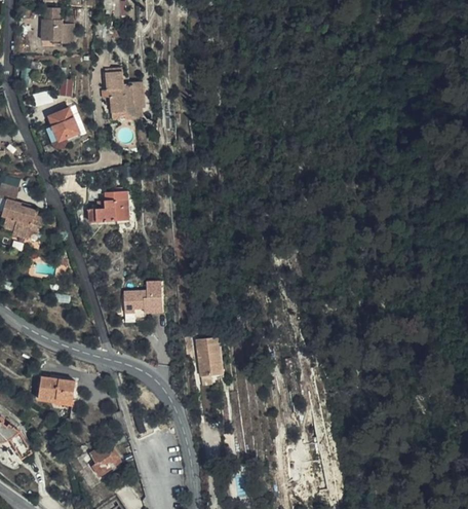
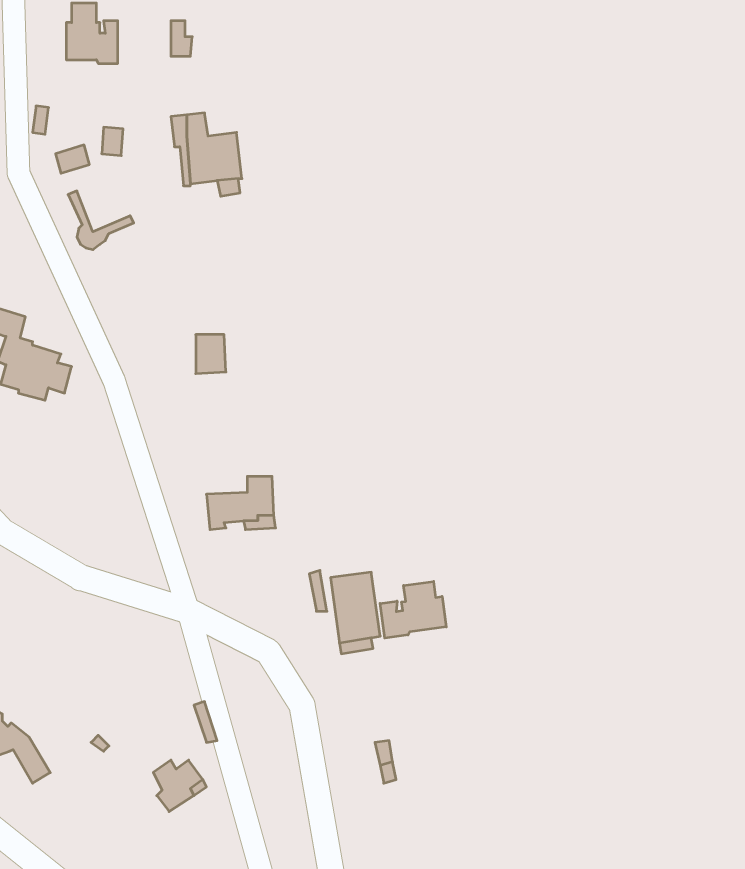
building: [47,106,78,139] -> none
building: [88,198,116,221] -> none
building: none -> [380,581,446,638]
building: [38,376,76,401] -> none

